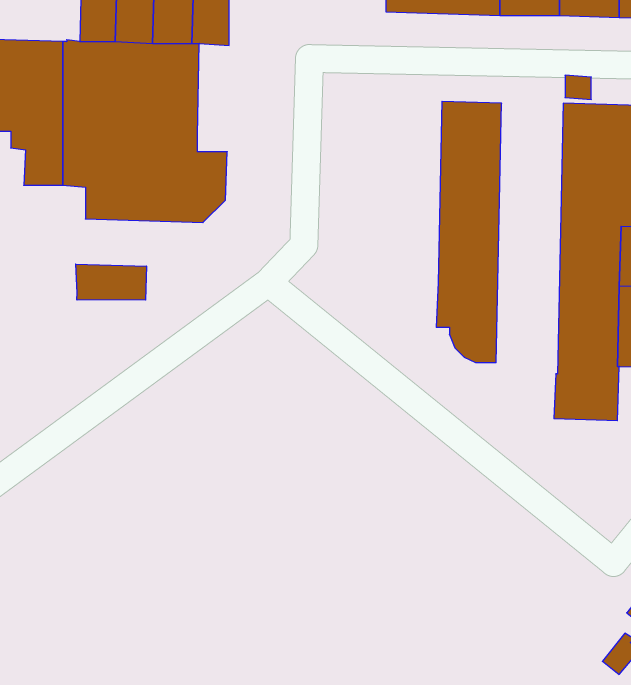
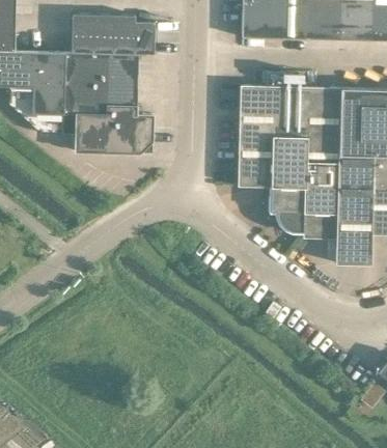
building: none -> [238,85,273,187]
building: none -> [303,87,340,237]
building: [76,264,146,300] -> none

